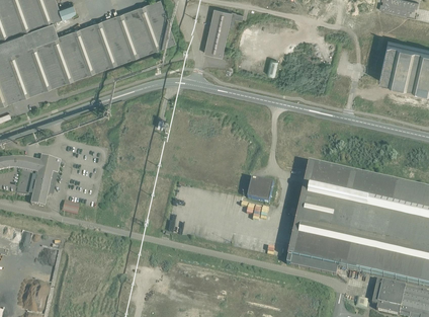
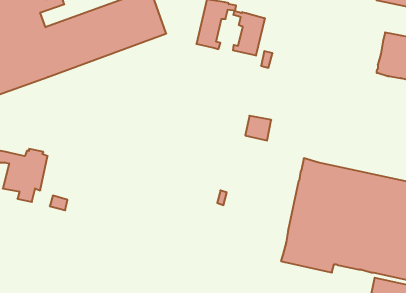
building: none -> [233,11,265,56]
building: [248,179,273,204] -> [245,116,271,141]

